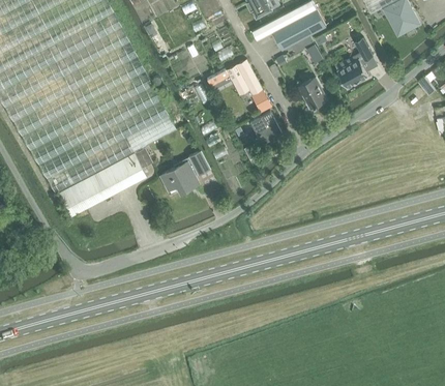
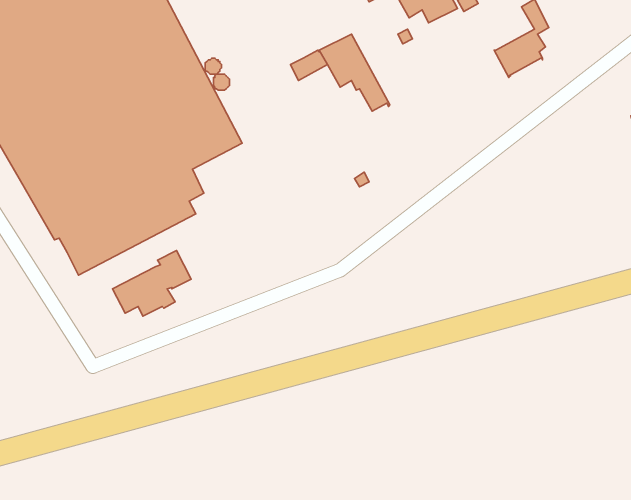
building: [299,78,326,110] -> none
building: [248,112,281,145] -> none
building: [158,150,209,192] -> [112,250,191,316]

